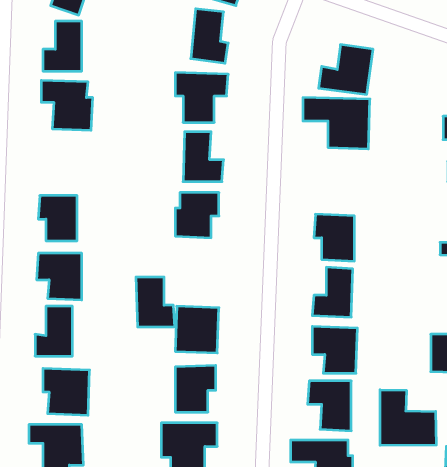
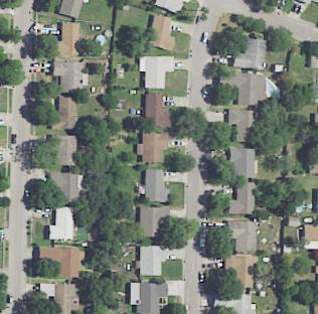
building: none -> [51,97,77,129]
building: none -> [229,109,257,141]
building: [136,277,175,327] -> [145,169,170,201]
building: [380,390,436,445] -> none

